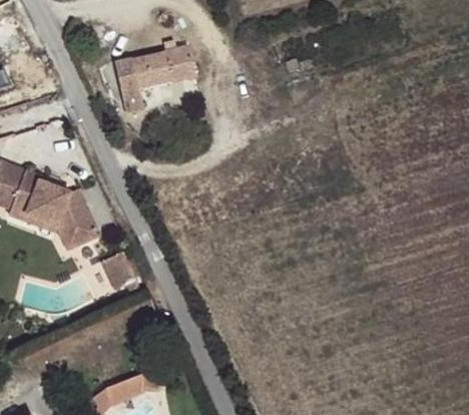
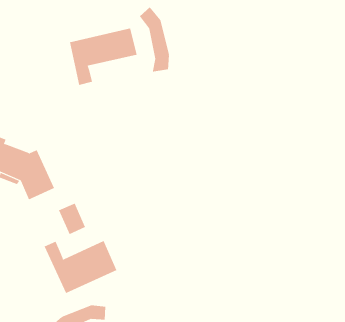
building: none -> [139,7,169,73]
building: none -> [44,240,117,294]

